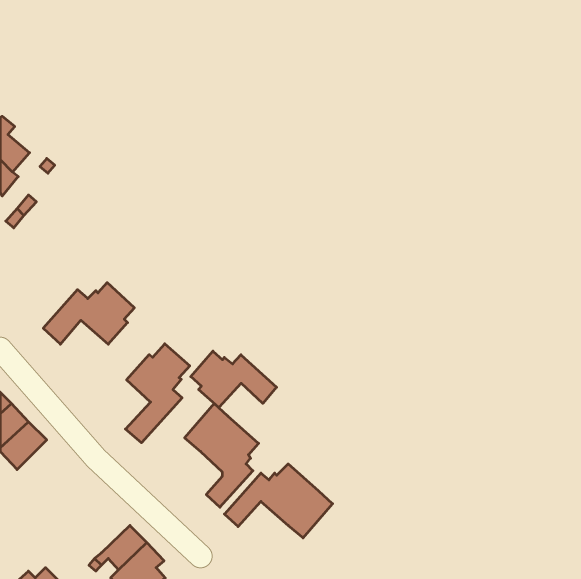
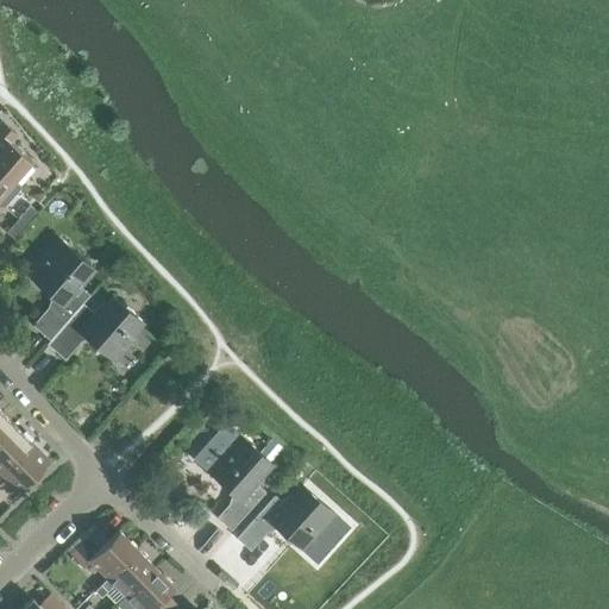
building: none -> [26,240,94,346]
building: [125,344,190,443] -> none
building: [191,351,277,408] -> none
building: none -> [70,529,137,580]

